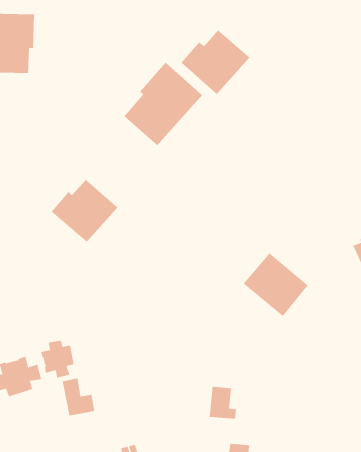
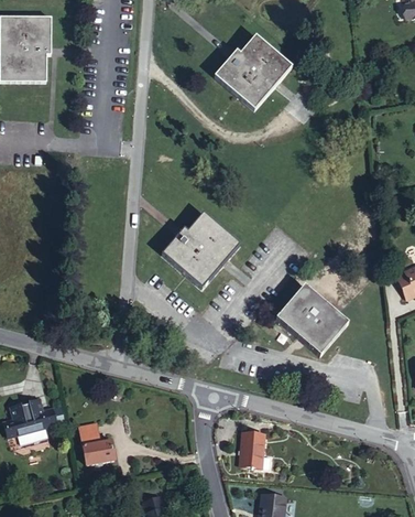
building: [124,62,203,146] -> none
building: [51,179,118,243] -> [166,213,240,282]
building: [40,340,74,378] -> none

